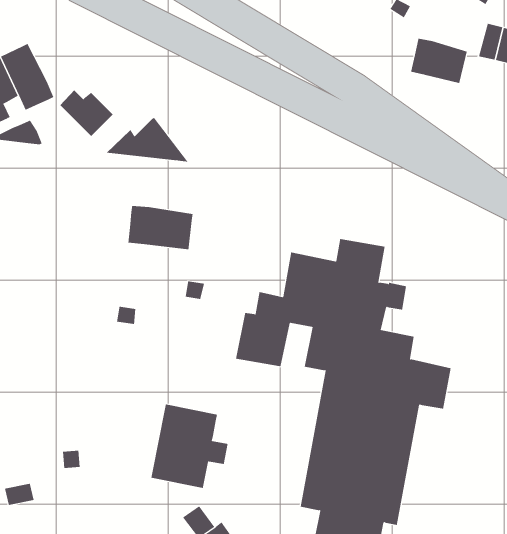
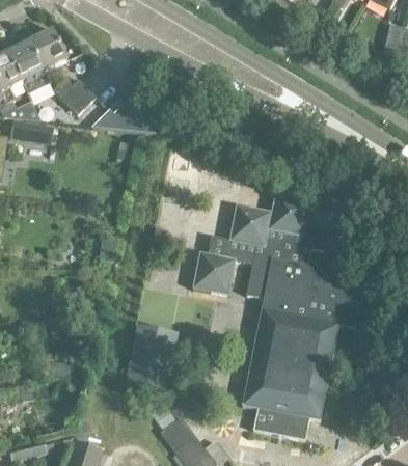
building: none -> [28,29,66,71]
building: [410,38,468,84] -> none
building: none -> [10,119,52,144]
building: [128,205,193,250] -> none

